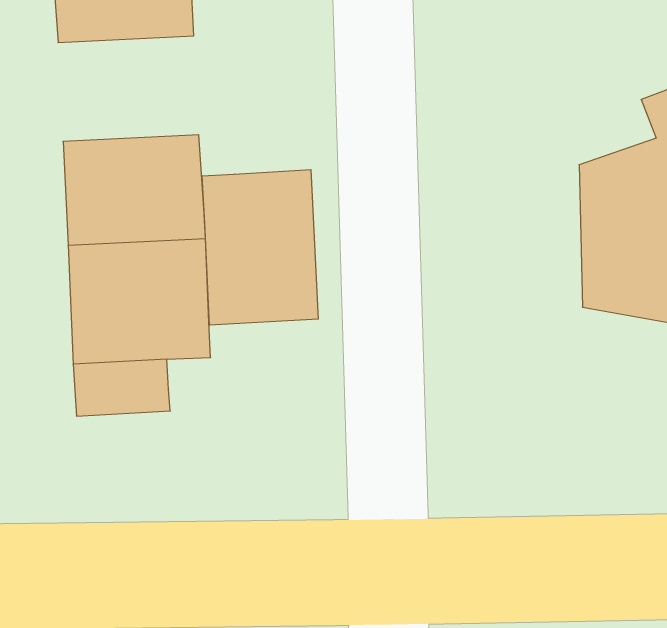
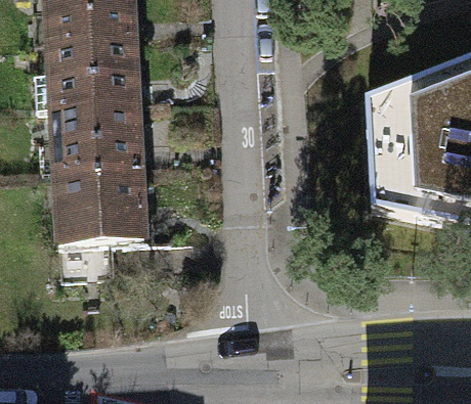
building: none -> [50,38,136,102]
building: [202,170,318,325] -> none

